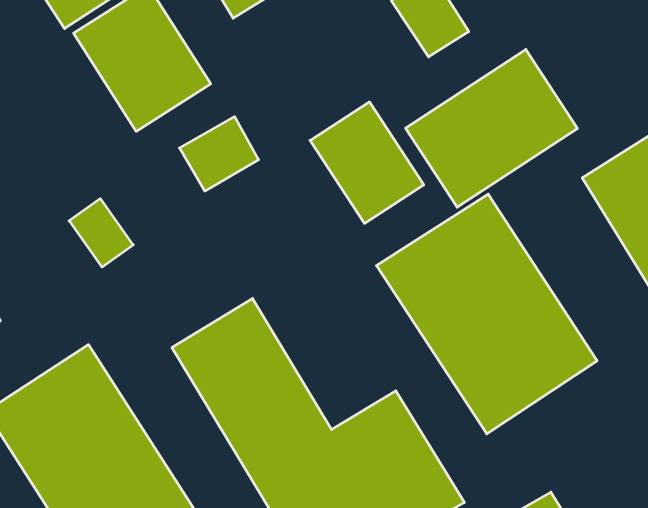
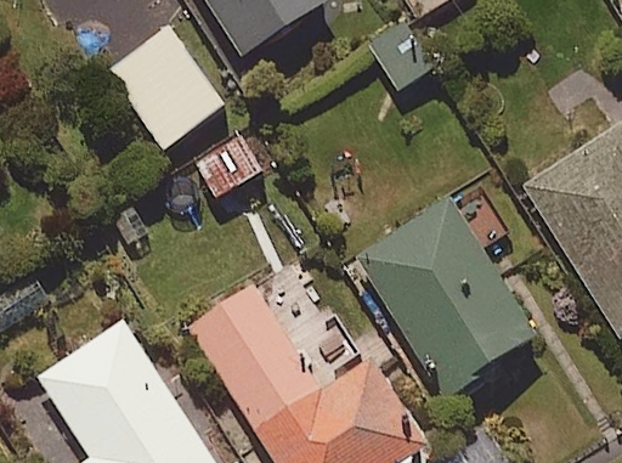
building: [406,49,577,207] -> none
building: [310,102,424,223] -> none

